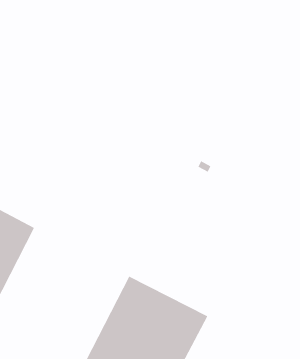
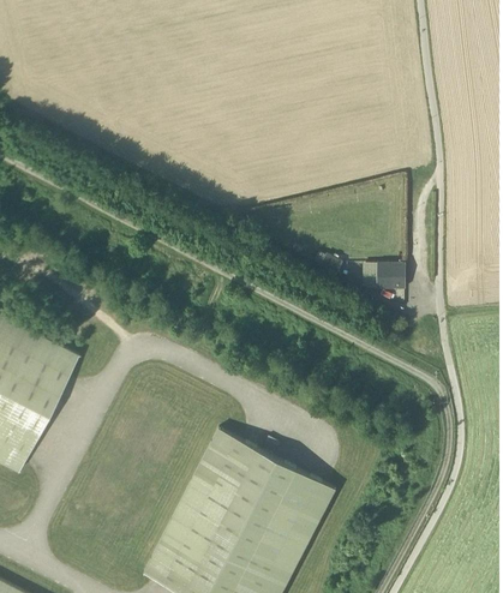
building: none -> [375,265,403,292]

